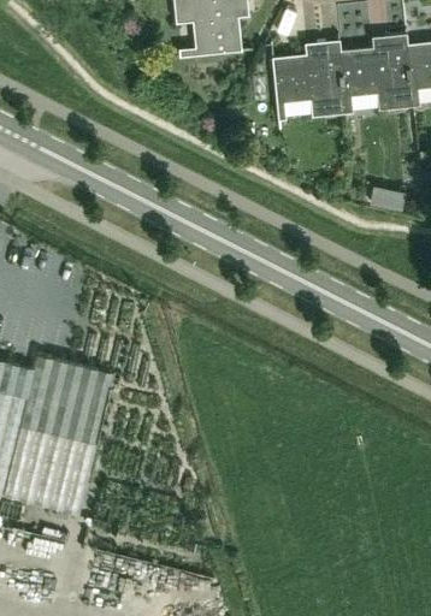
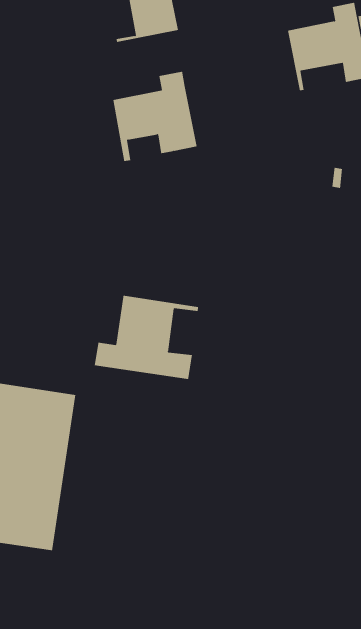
building: [272,42,347,120] -> [112,71,198,161]
building: none -> [94,295,198,380]

